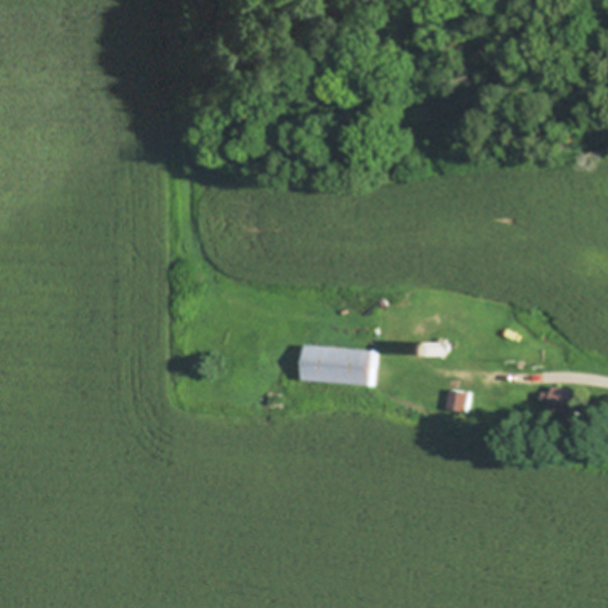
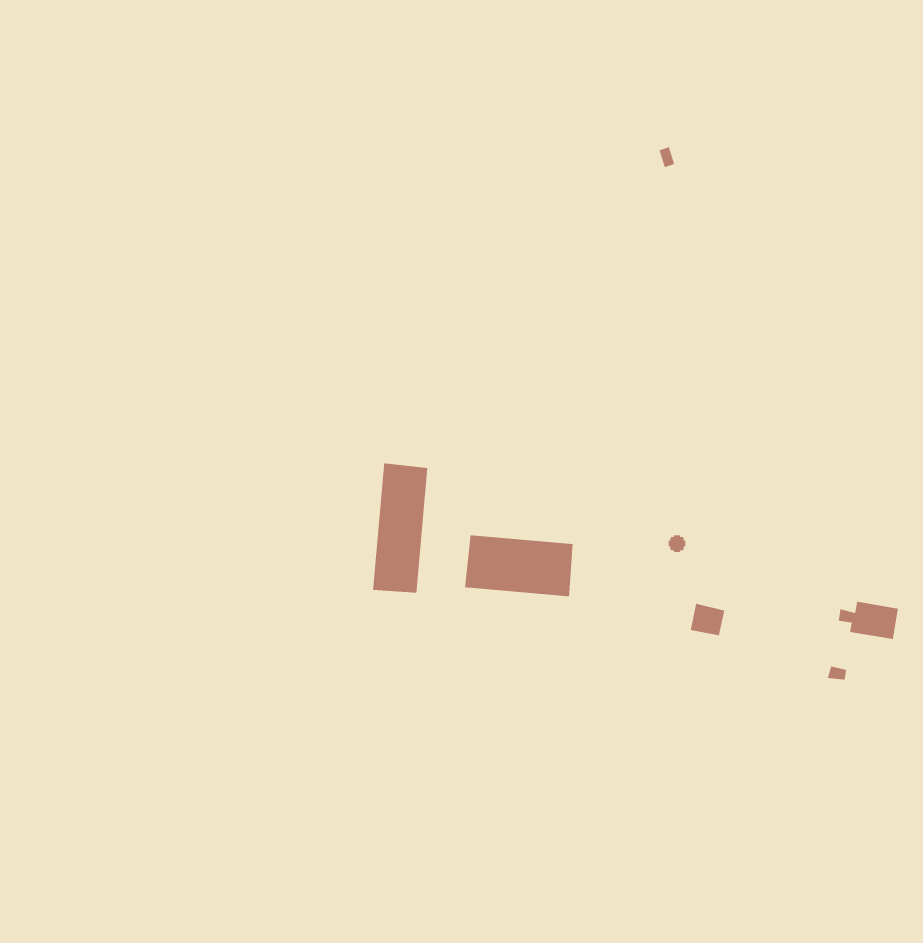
building: none -> [372,462,428,593]

